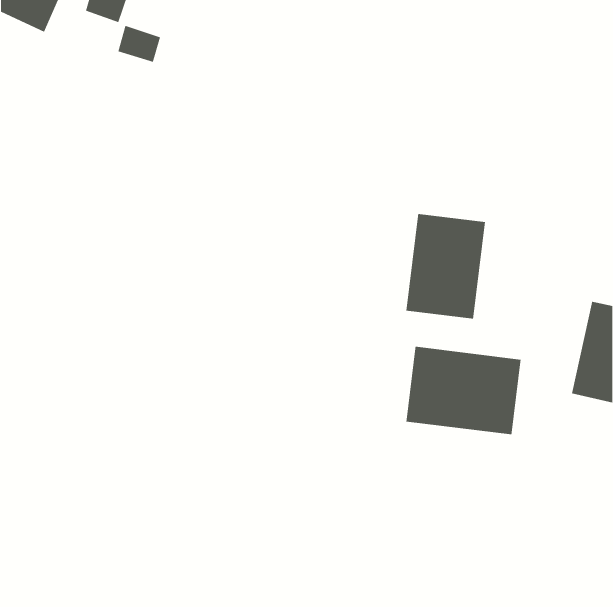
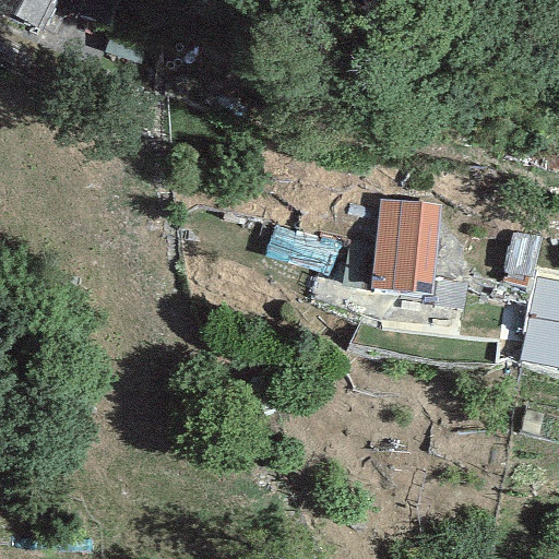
building: [406,346,521,435] -> none

